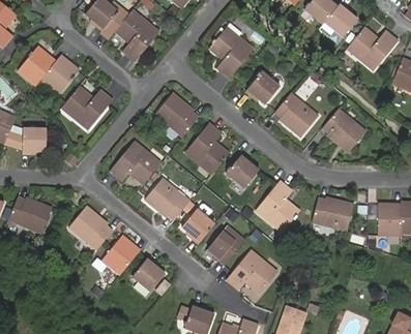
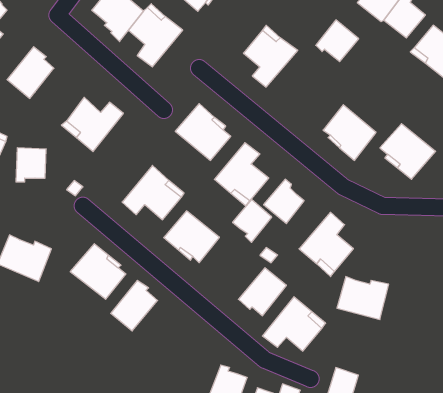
building: [38,56,79,95] -> none
building: [243,69,278,103] -> [316,20,359,62]
building: [311,195,353,231] -> [337,277,389,320]
building: [181,209,213,244] -> [233,200,272,242]
building: [131,255,166,293] -> none

